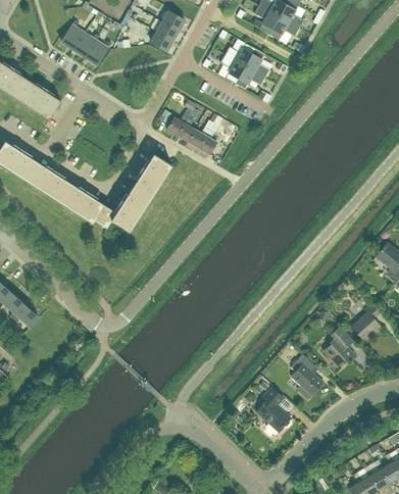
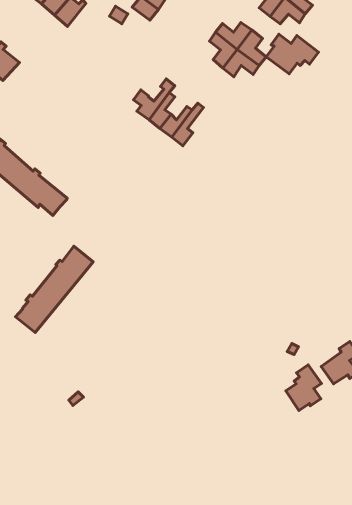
building: none -> [266,34,318,74]
building: [110,153,170,231] -> [15,246,93,333]
building: [290,354,322,399] -> none
building: [256,387,290,435] -> none

